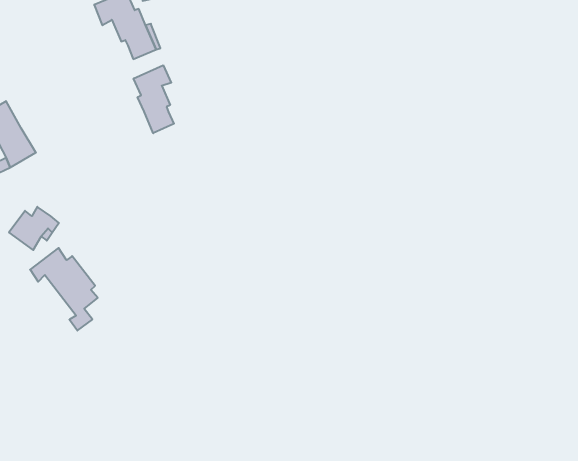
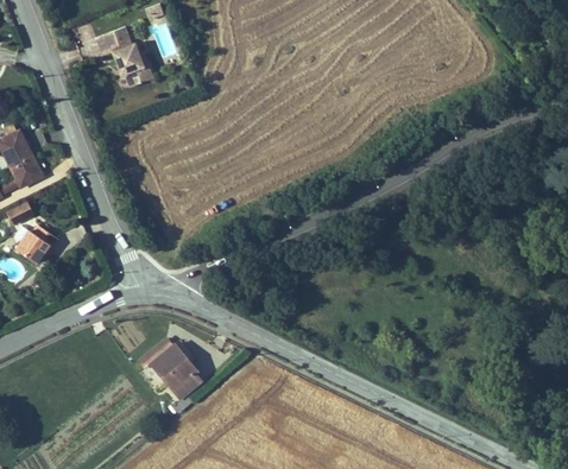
building: [134,65,174,133] -> none
building: [30,248,98,331] -> [137,342,196,414]

